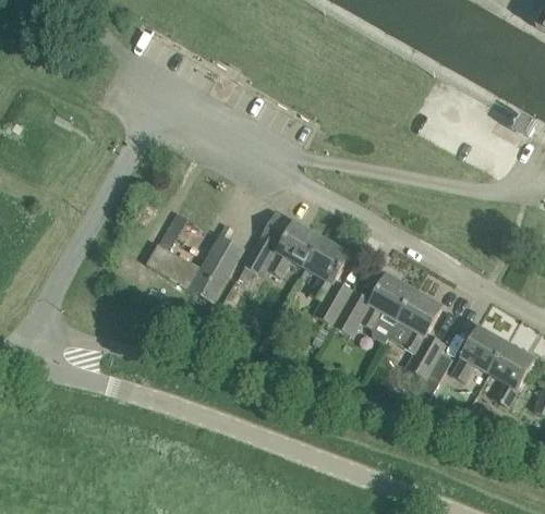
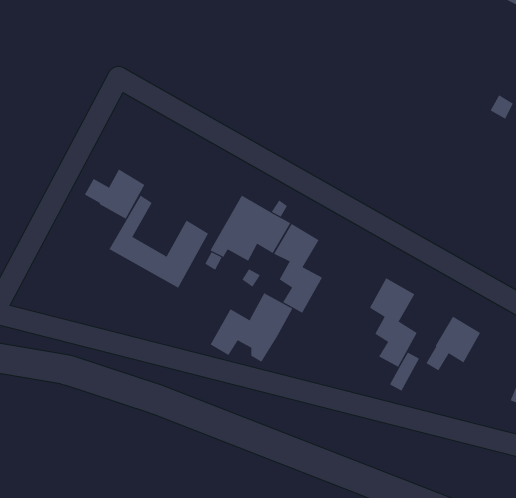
building: none -> [84,168,145,220]
building: [334,276,414,343] -> [210,293,293,363]
building: [489,344,534,405] -> none

